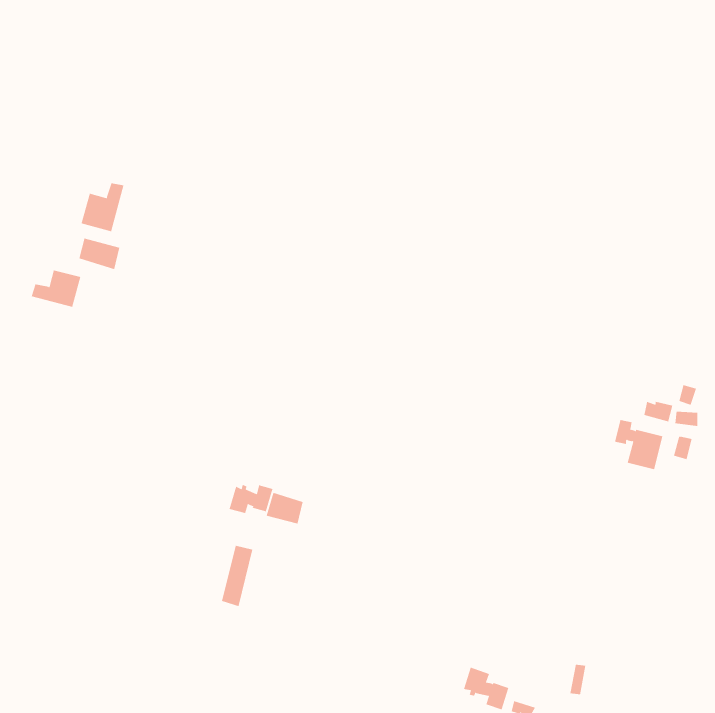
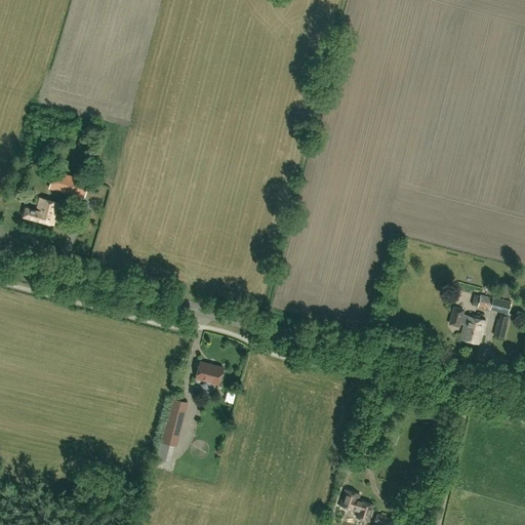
building: [81,182,124,232] -> none
building: [229,484,273,514] -> none

